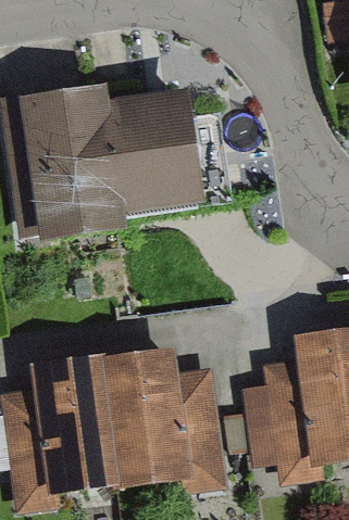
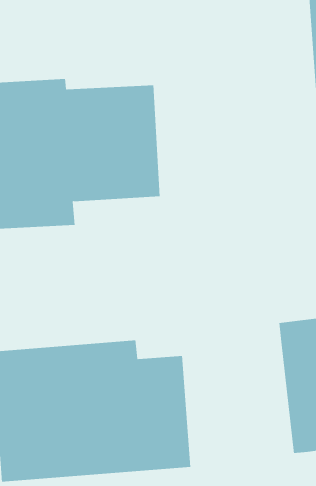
building: [271,357,333,483] -> none

